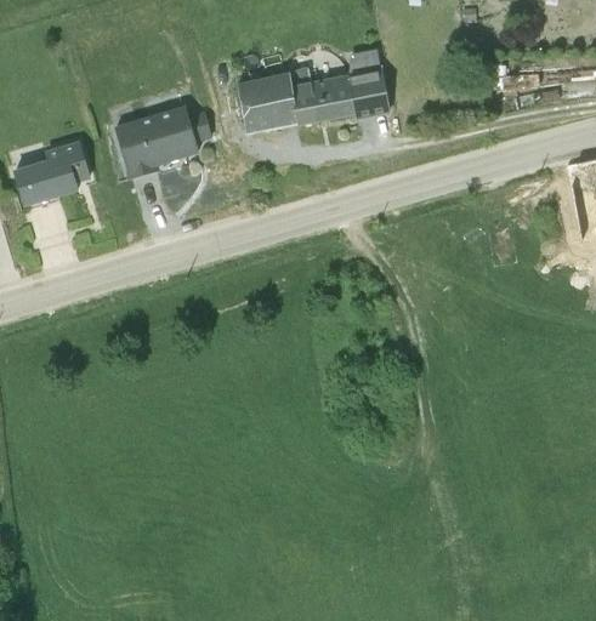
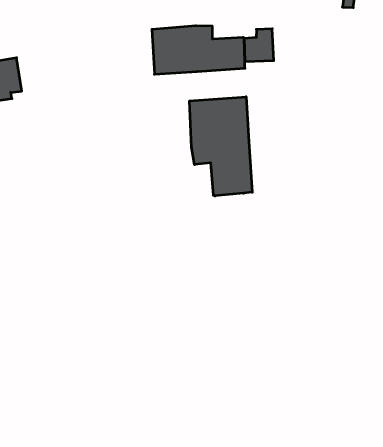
building: [114,104,214,178] -> none
building: none -> [190,97,252,196]

